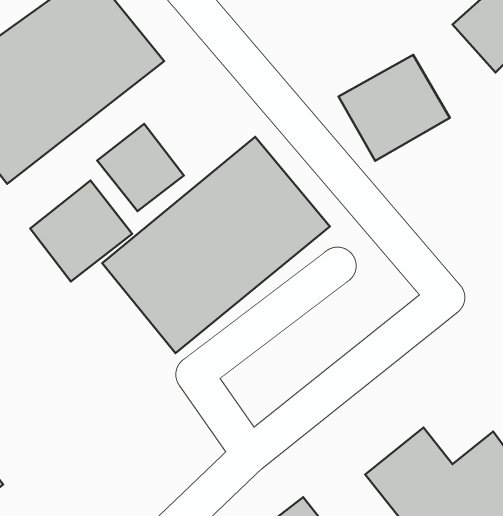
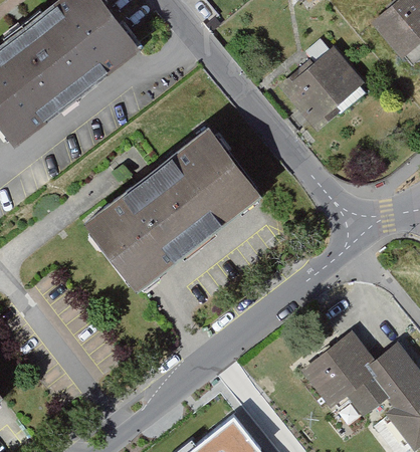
building: [97,124,184,211] -> none
building: [30,181,132,281] -> none

